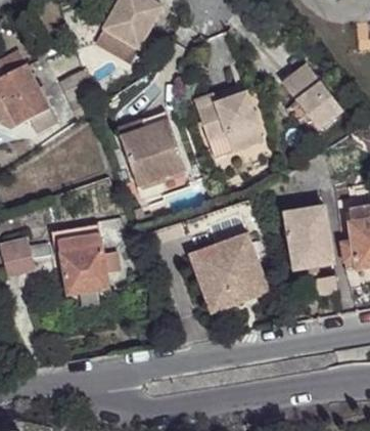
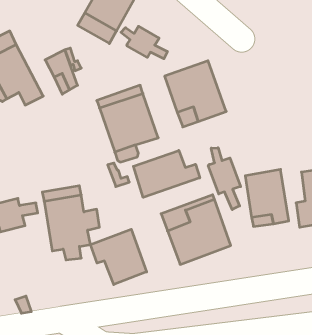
building: none -> [121,26,167,59]
building: [281,63,342,128] -> none
building: none -> [208,148,241,210]
building: none -> [133,150,200,197]
building: none -> [90,229,147,285]

